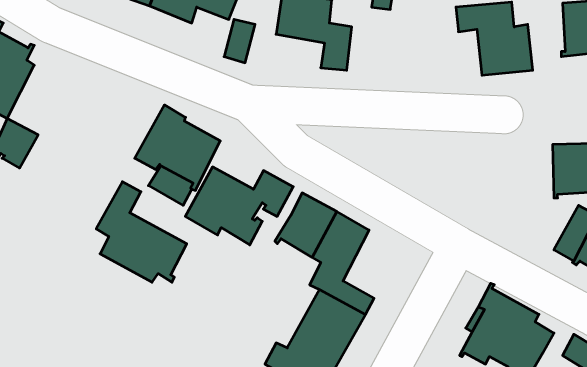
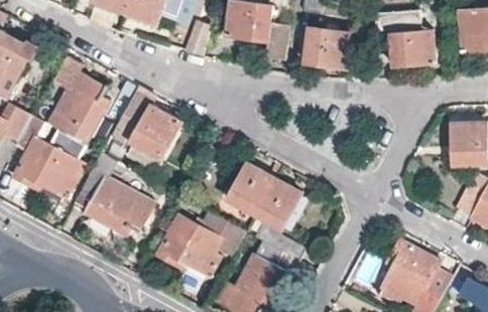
building: none -> [304,26,351,67]
building: none -> [49,55,109,144]
building: none -> [11,115,82,199]
building: [185,167,293,245] -> [157,215,245,279]

